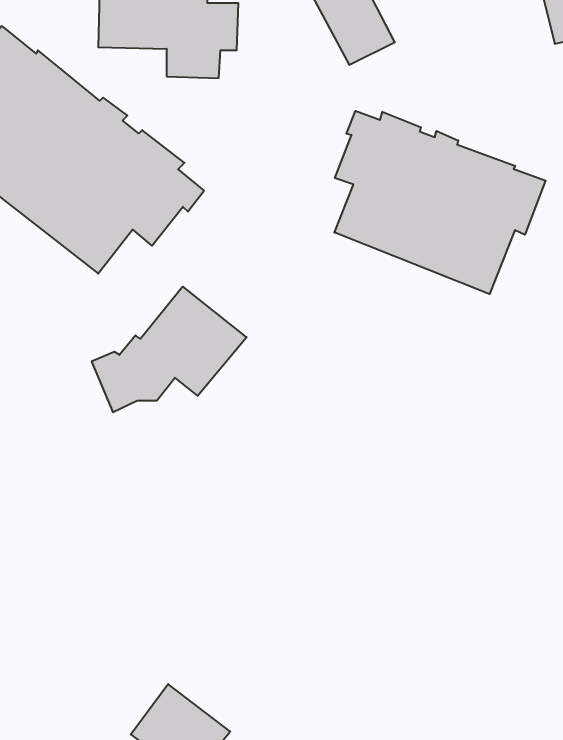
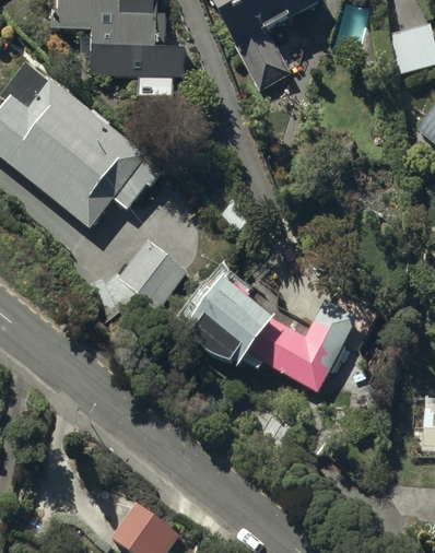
building: [334,111,546,294] -> none
building: none -> [195,278,358,388]

